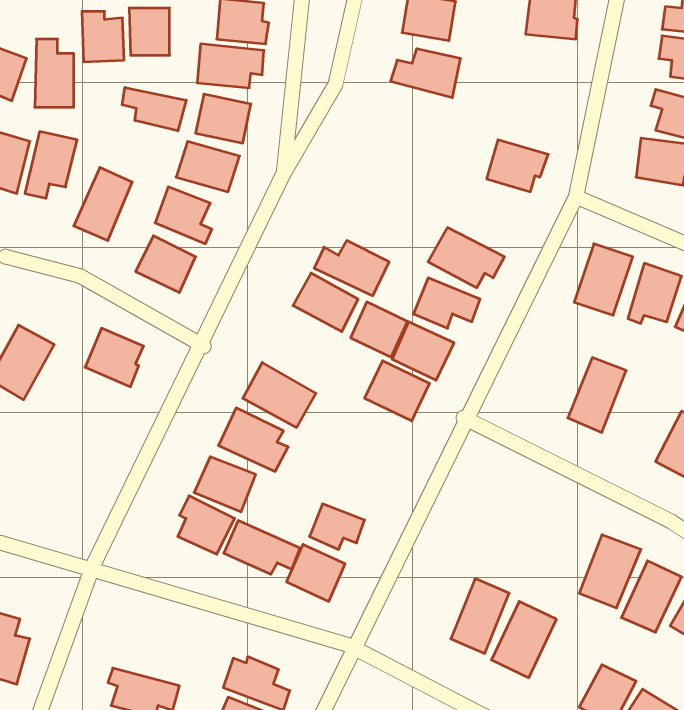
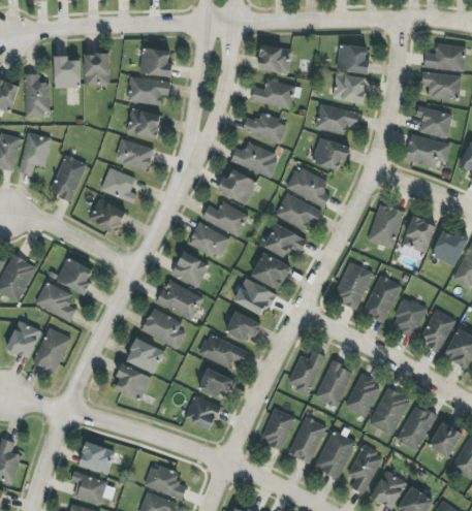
building: none -> [334,75,367,102]
building: [122,87,186,131] -> none
building: none -> [314,104,359,135]
building: none -> [242,113,287,143]
building: none -> [230,141,278,177]
building: none -> [286,166,329,207]
building: none -> [216,169,256,204]
building: [351,302,407,357] -> [171,252,208,287]
building: none -> [333,262,373,310]
building: none -> [35,282,75,320]
building: none -> [390,297,426,338]
building: none -> [225,313,261,341]
building: none -> [6,321,40,358]
building: none -> [33,328,69,373]
building: none -> [287,350,325,394]
building: none -> [314,360,353,407]
building: none -> [345,375,379,416]
building: [224,521,300,574] -> [198,333,247,368]
building: none -> [260,408,295,449]
building: none -> [77,441,115,475]
building: none -> [347,445,383,493]

